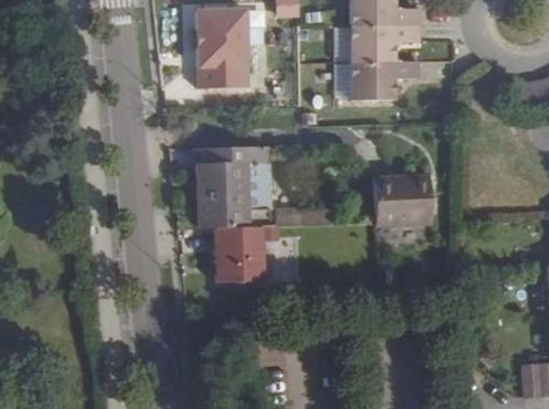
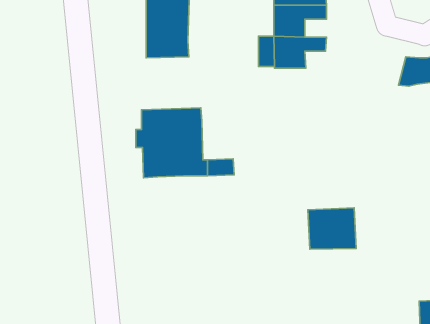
building: [375,174,432,223] -> [308,208,356,249]
building: [216,226,265,282] -> none

